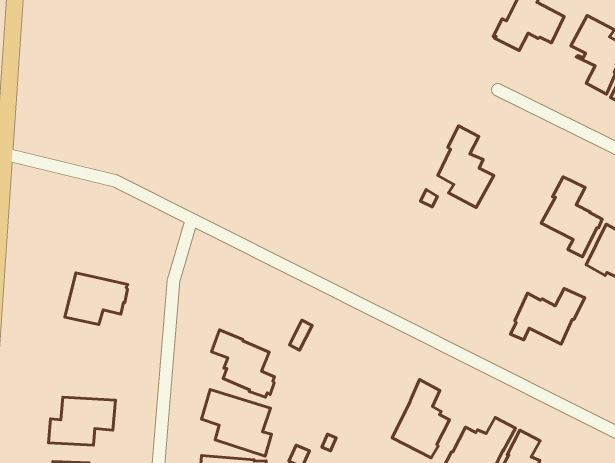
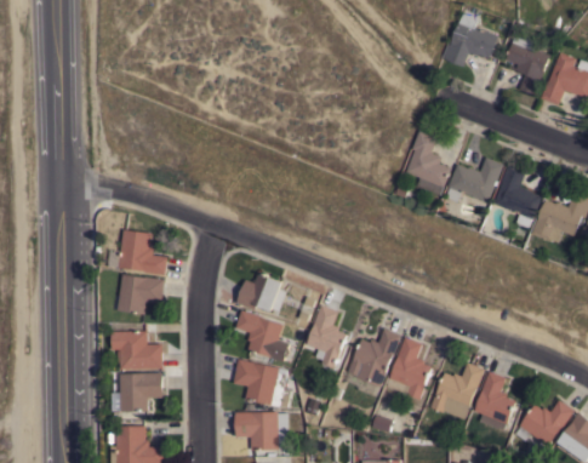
building: none -> [118,229,167,275]
building: none -> [236,271,286,311]
building: [511,289,585,344] -> [446,158,503,202]
building: none -> [307,304,347,368]
building: none -> [112,331,162,370]
building: none -> [347,328,401,388]

